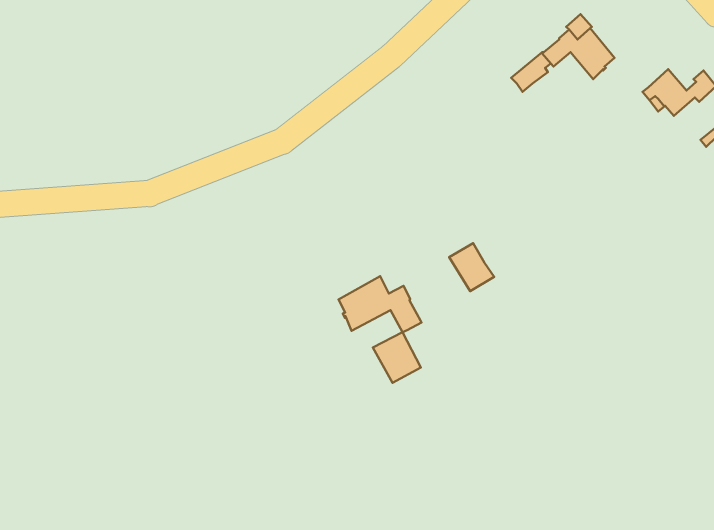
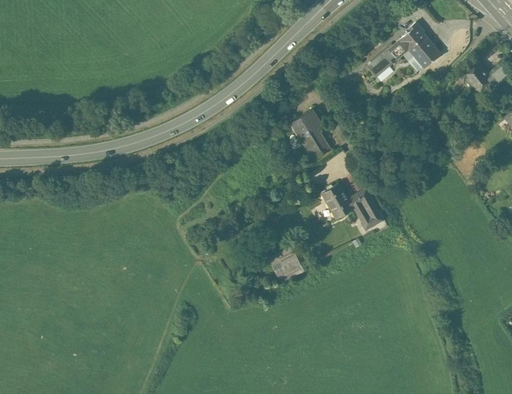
building: none -> [290,110,329,159]
building: none -> [347,187,384,229]
building: [338,276,422,332] -> none

